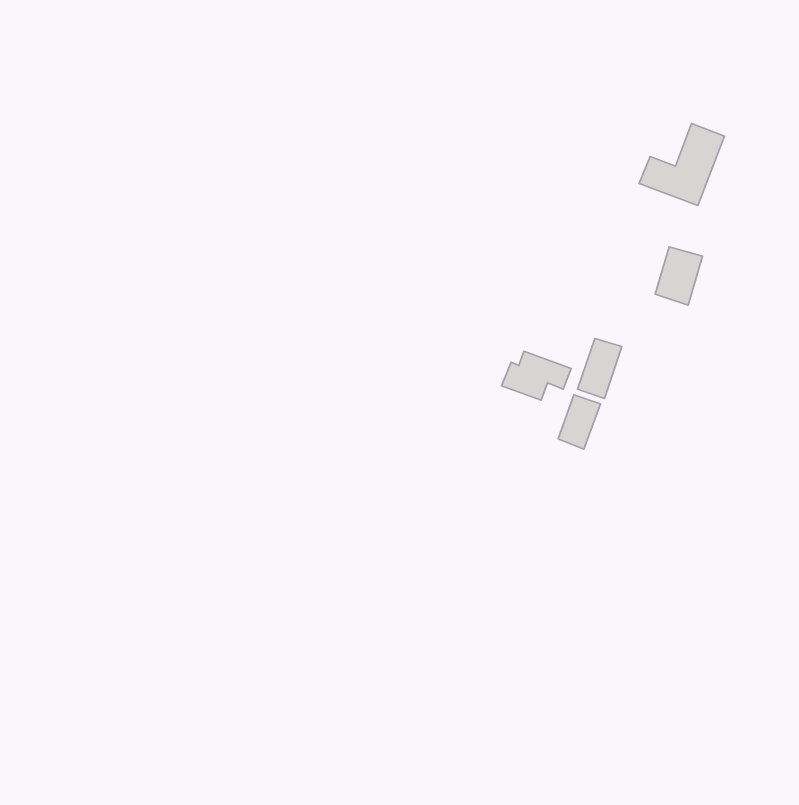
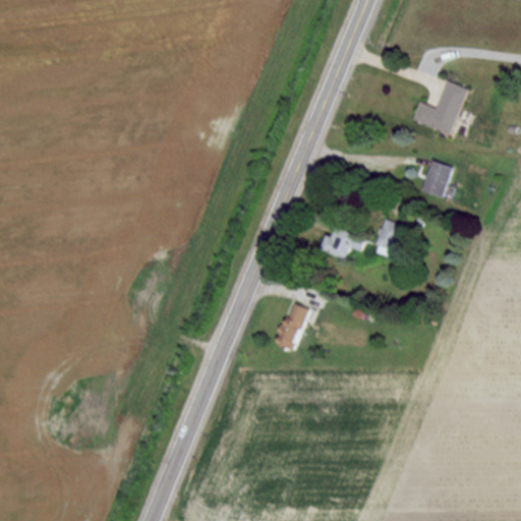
building: [558,395,600,449] -> none
building: none -> [274,303,307,350]

